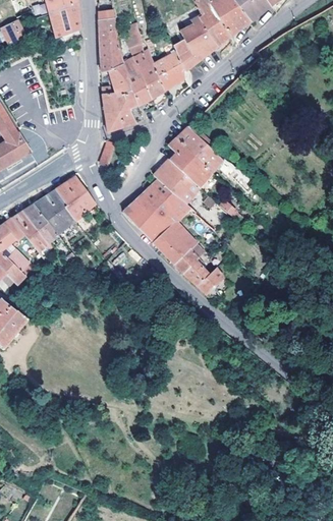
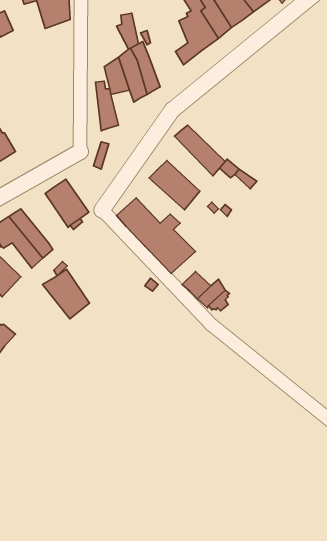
building: [100,17,124,72] -> none
building: [153,52,184,91] -> none
building: [117,94,138,126] -> none
building: [169,136,212,187] -> none
building: [141,178,190,217] -> none
building: [34,189,77,235] -> [42,269,90,319]
building: [173,243,205,274] -> none

